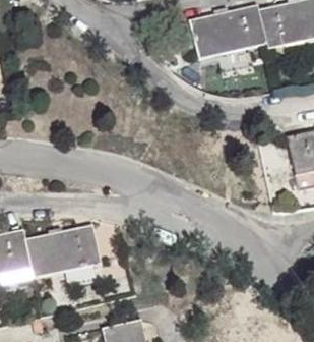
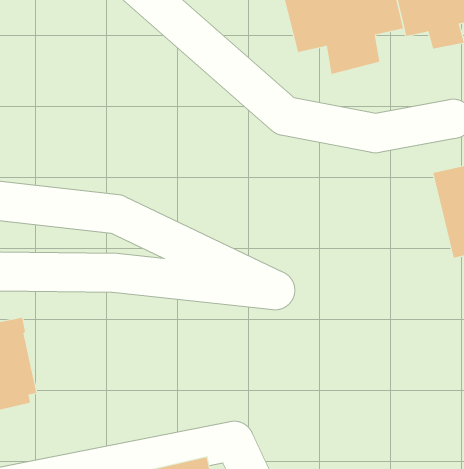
building: [24,223,104,284] -> none

